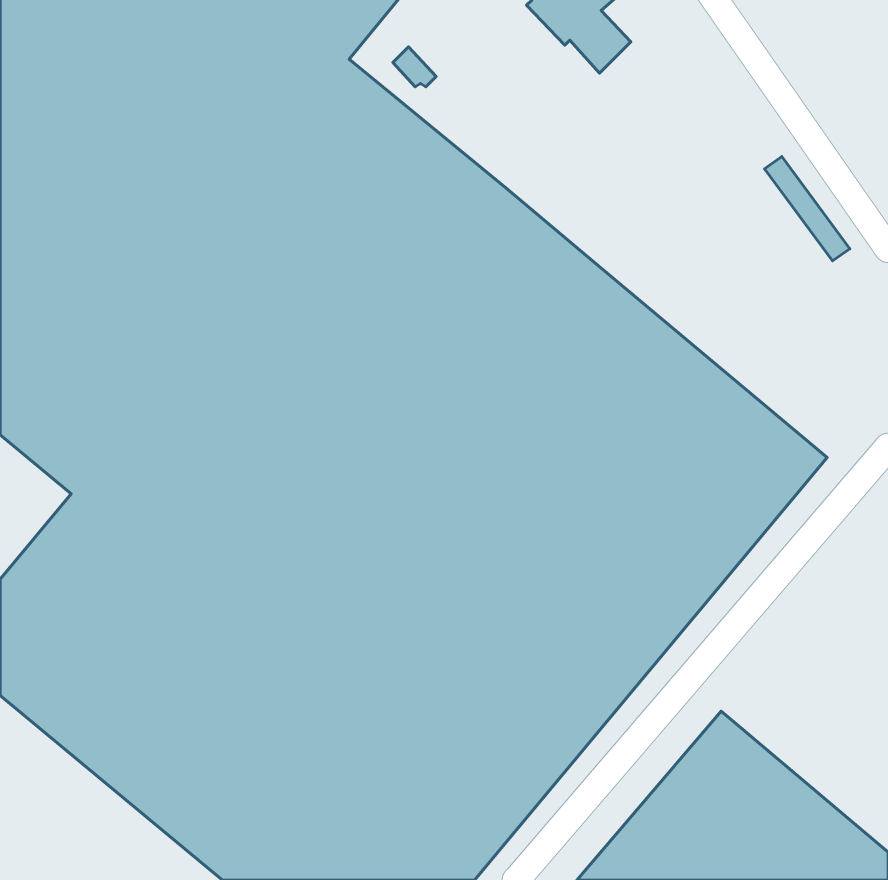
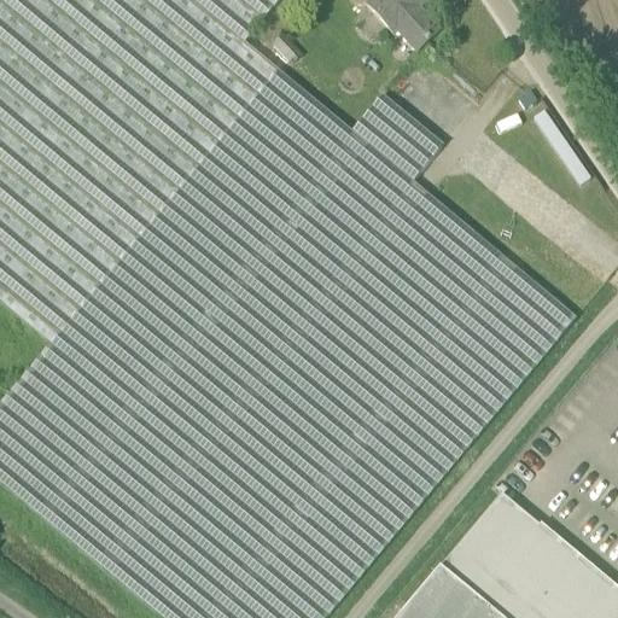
building: none -> [351,94,442,181]

